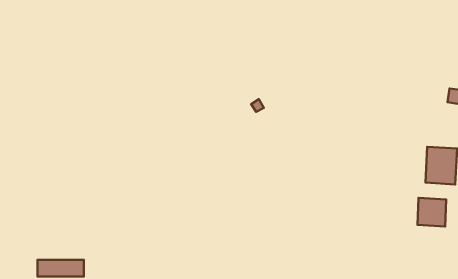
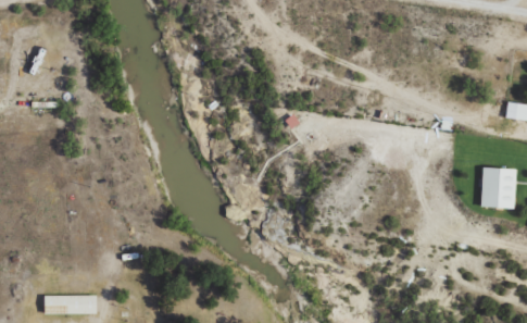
building: [417,198,446,226] -> none

